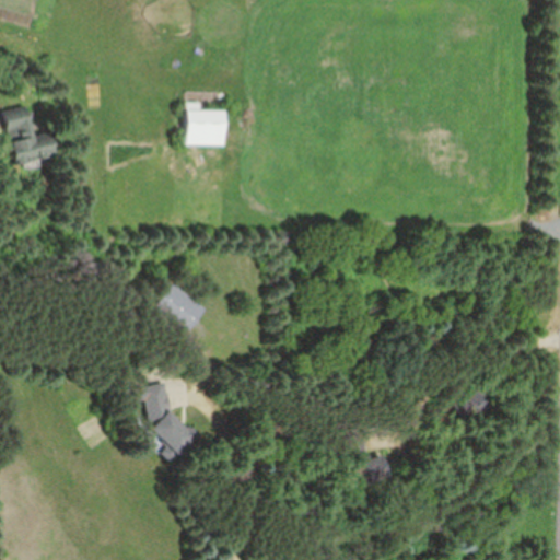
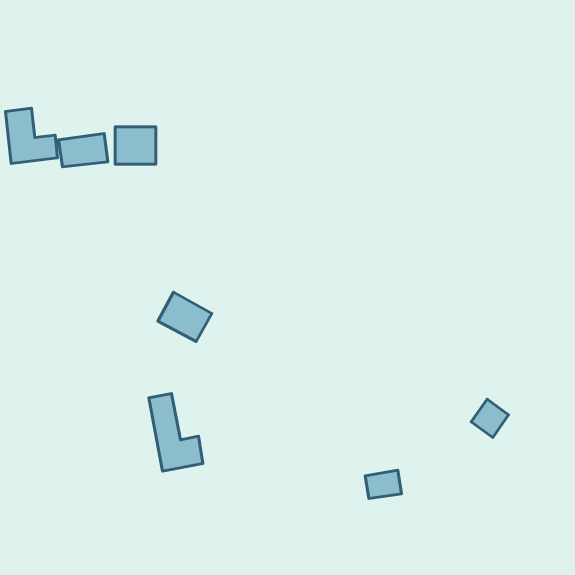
building: [187,110,226,147] -> [115,127,156,164]
building: none -> [58,134,108,167]

